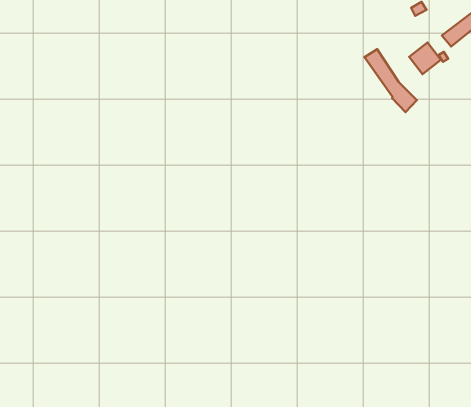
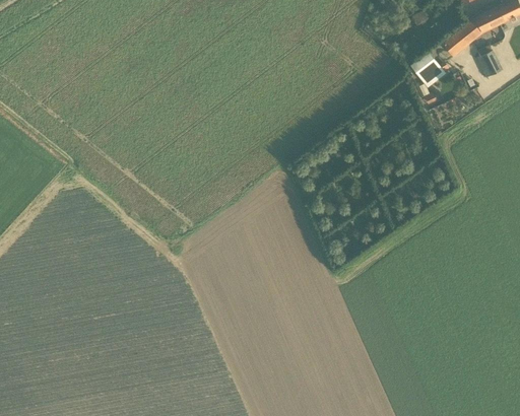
building: [364,49,417,112] -> none

